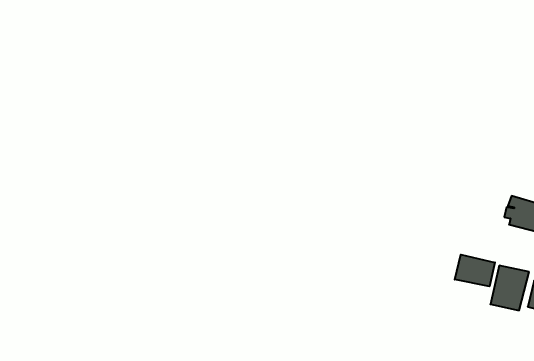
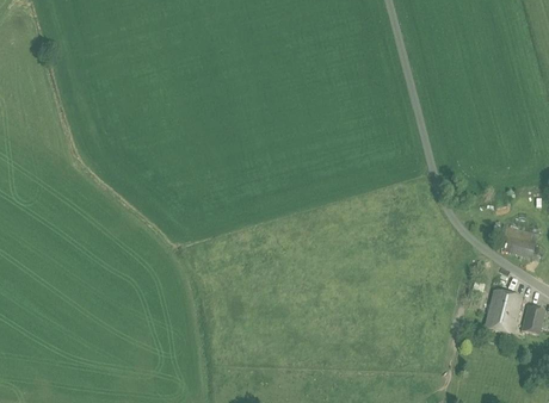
building: [455,255,495,286] -> none

